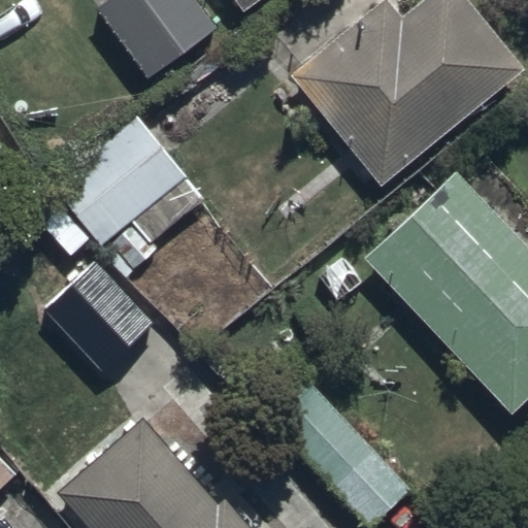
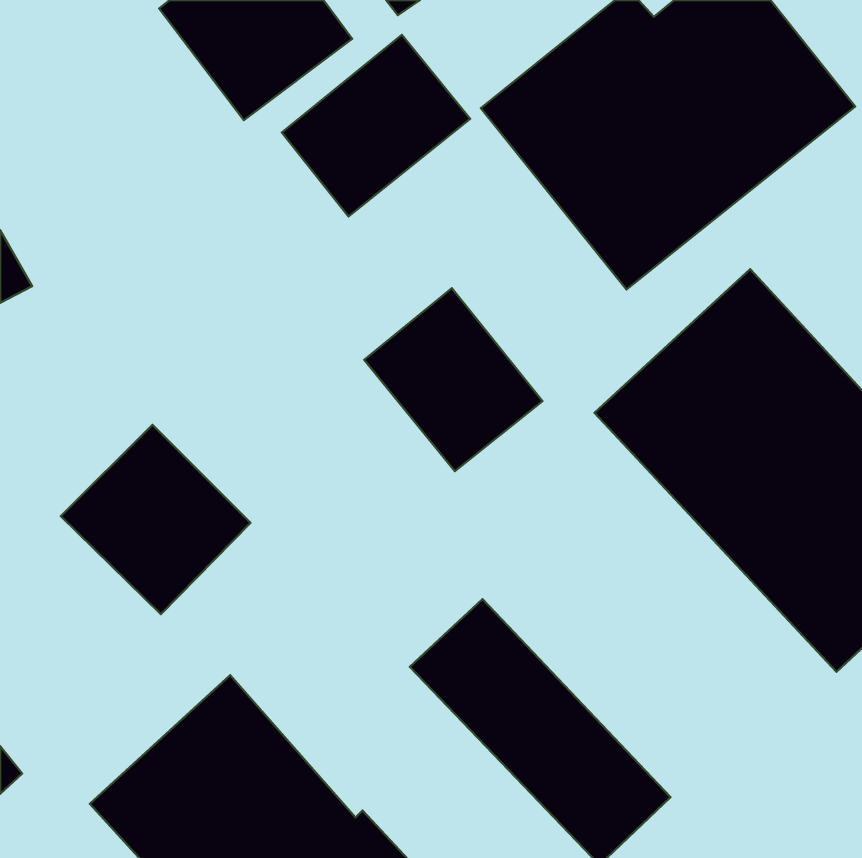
building: none -> [282,35,470,217]
building: [52,119,206,279] -> none
building: none -> [364,288,543,471]

